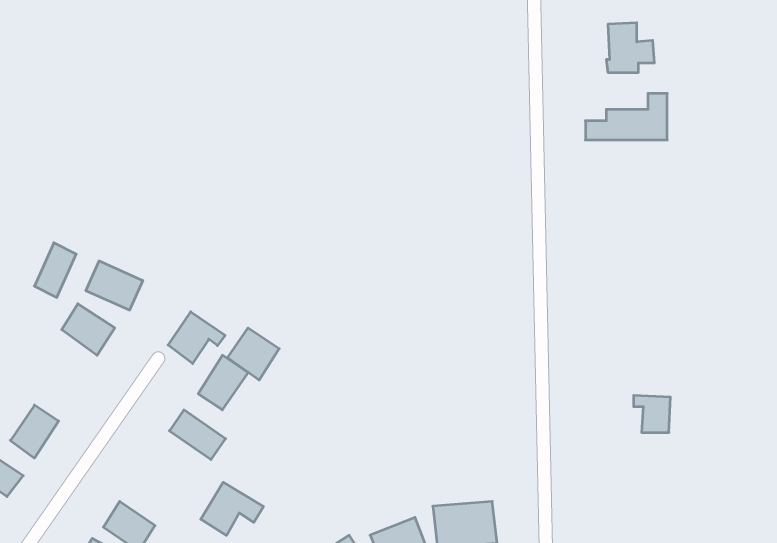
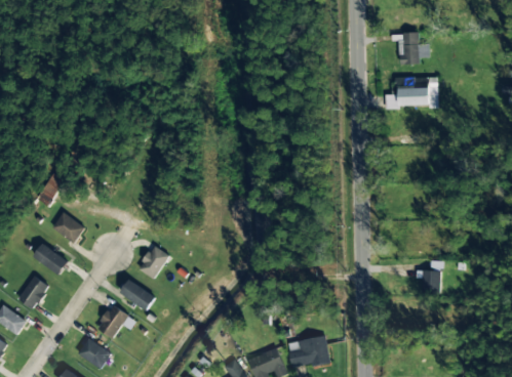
building: [86,261,143,310] -> none
building: [168,312,225,364] -> none
building: [228,328,279,380] -> none
building: none -> [31,244,67,275]
building: [201,482,263,535] -> [95,304,135,338]

